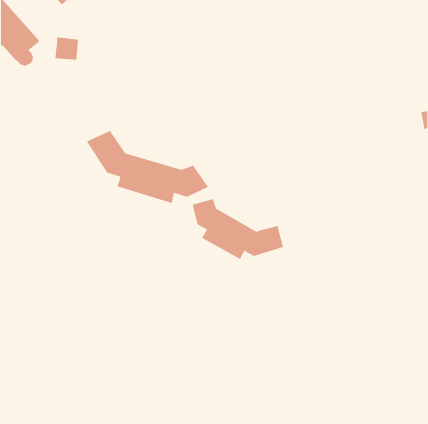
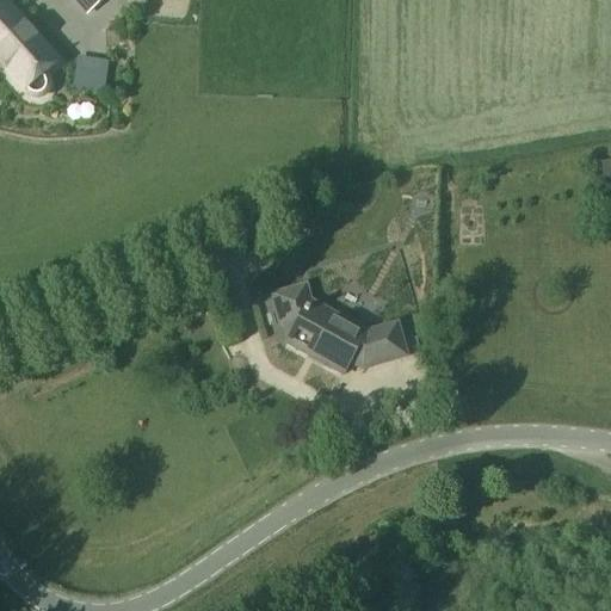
building: [86,130,209,204] -> none

